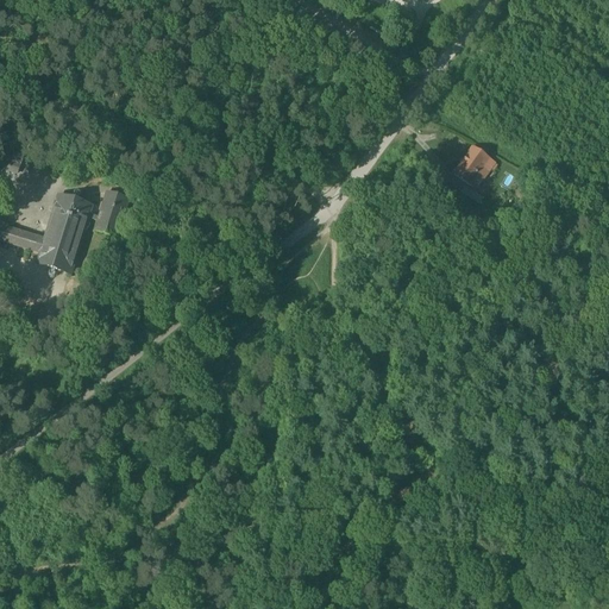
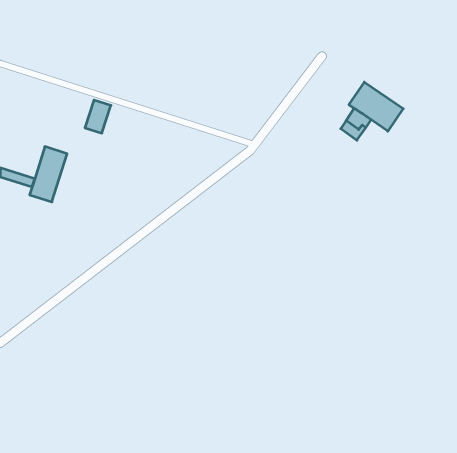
building: none -> [349,82,403,131]
building: [94,190,128,234] -> [85,100,111,133]

